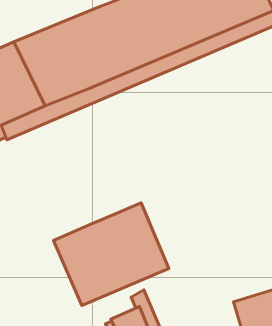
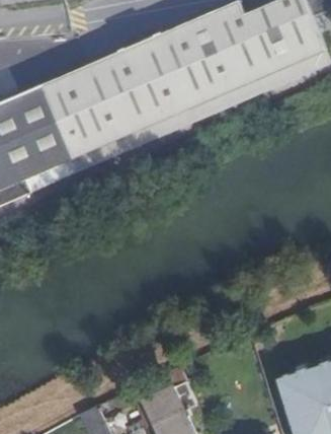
building: [53,203,169,305] -> none

